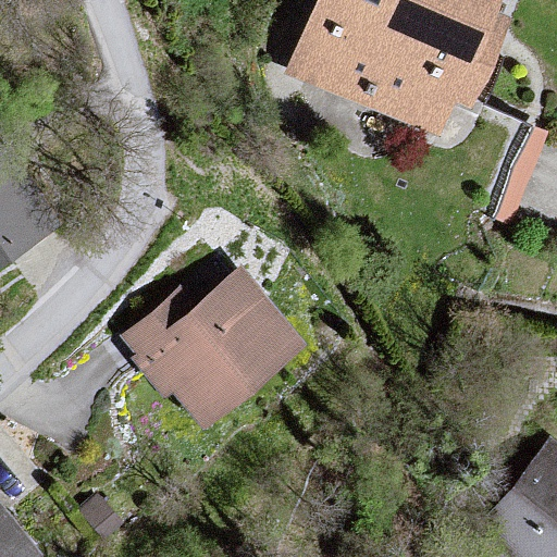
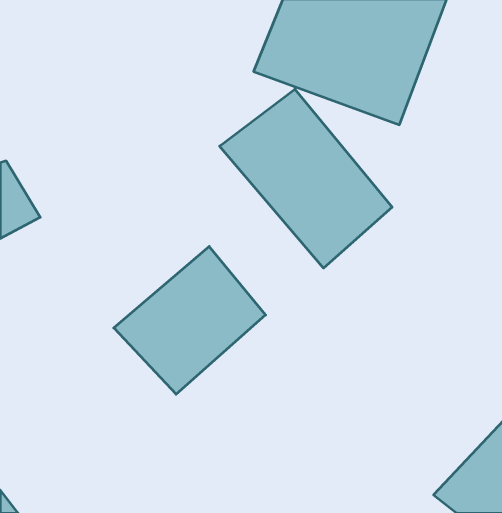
building: none -> [220,89,392,268]

